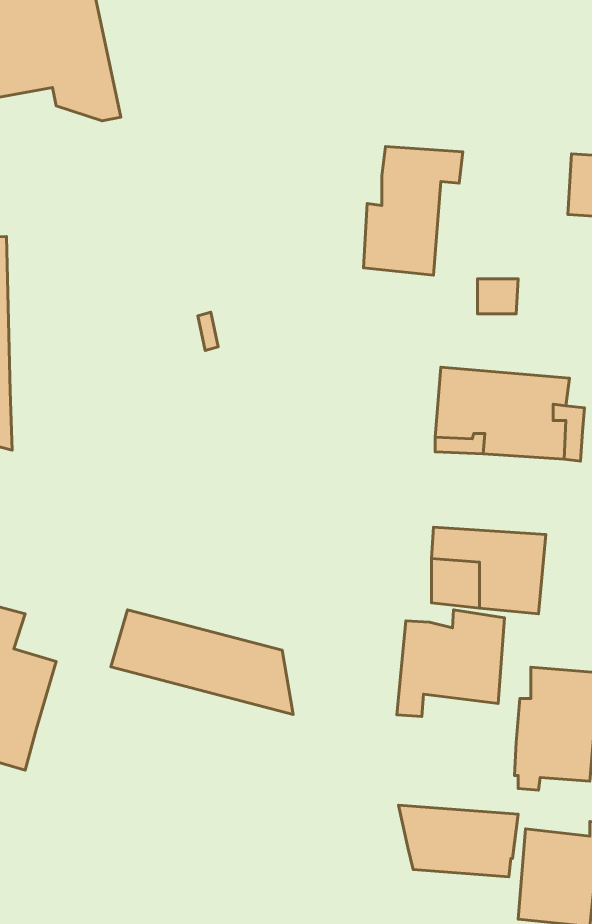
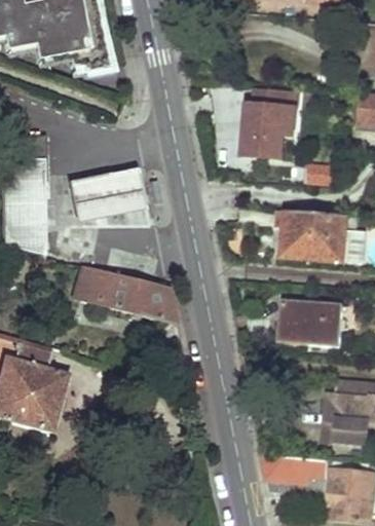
building: none -> [68,168,144,222]
building: [111,610,293,715] -> [73,264,175,323]
building: [397,610,504,717] -> none

